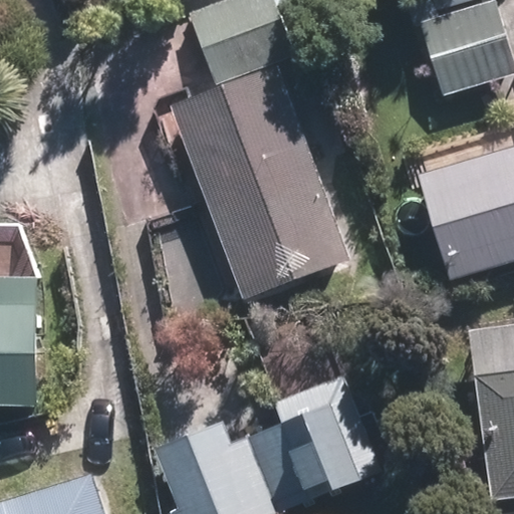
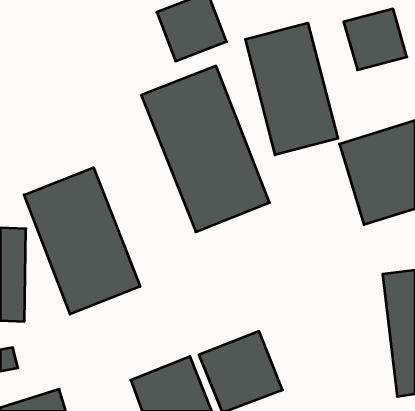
building: none -> [245,23,338,155]
building: none -> [24,168,140,314]

